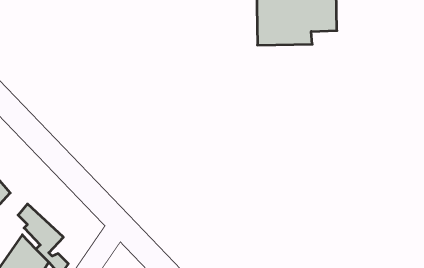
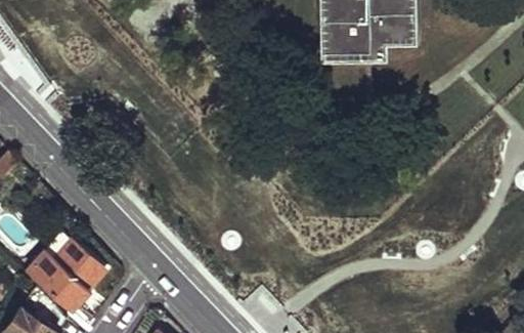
building: none -> [57,241,105,288]

